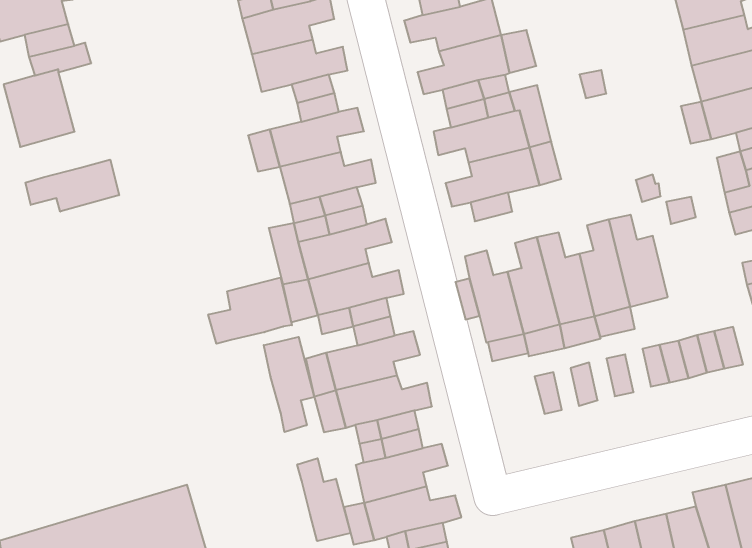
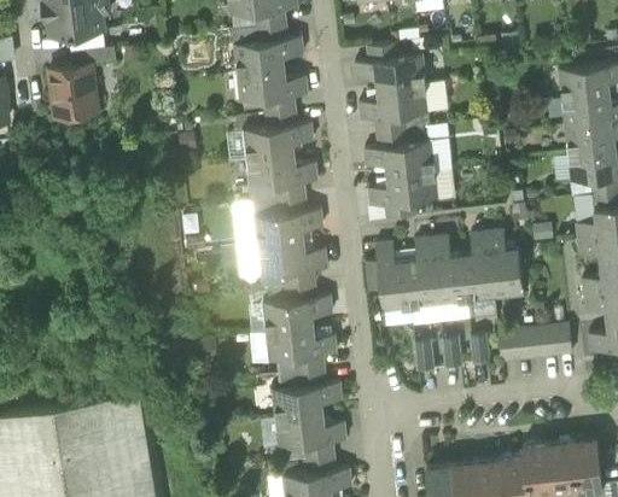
building: [25,160,119,212] -> none
building: [208,278,292,344] -> none
building: [264,337,314,432] -> none
building: [297,458,351,541] -> none

